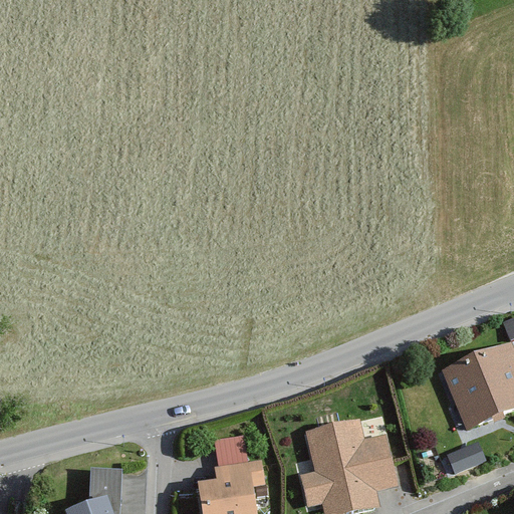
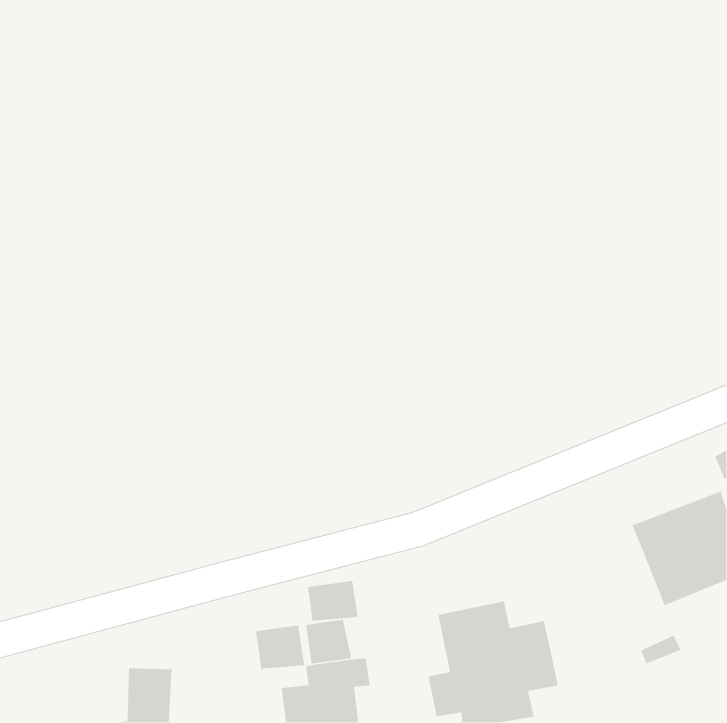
building: none -> [307,580,358,622]
building: none -> [255,625,305,669]

